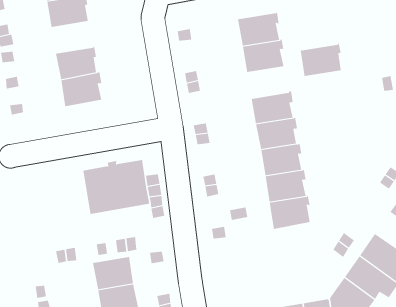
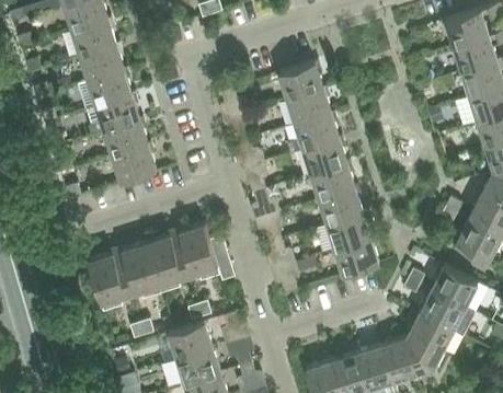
building: none -> [89,93,139,135]
building: [300,43,342,77] -> [295,113,339,150]
building: none -> [88,243,159,303]

